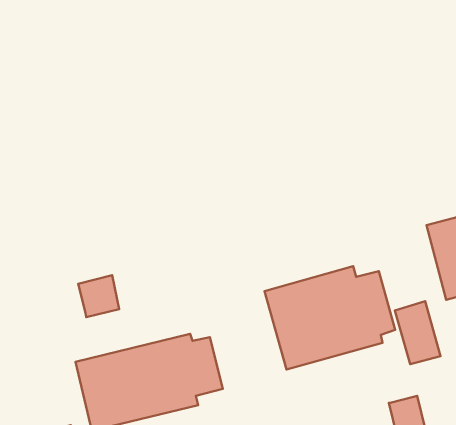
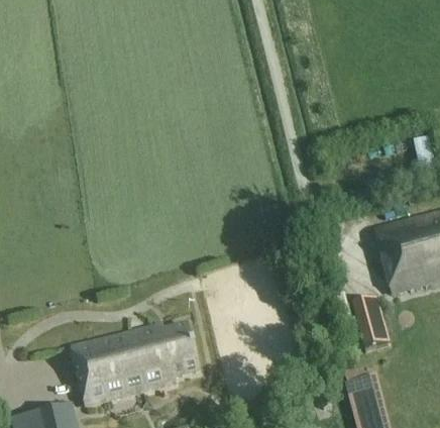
building: [264,266,395,370] -> none
building: [78,275,119,317] -> none

